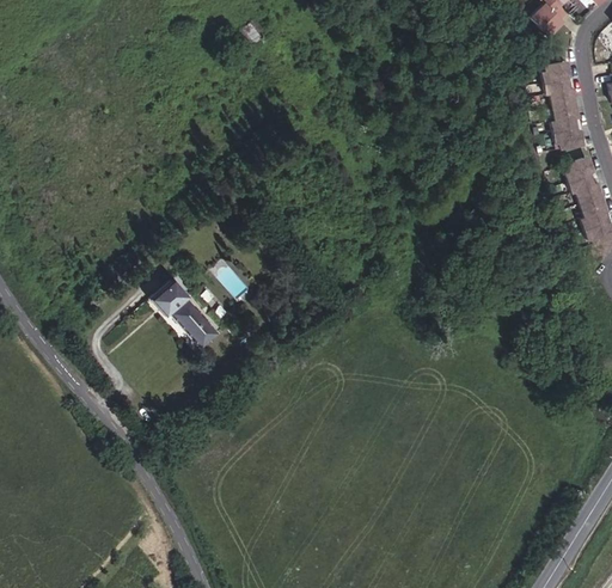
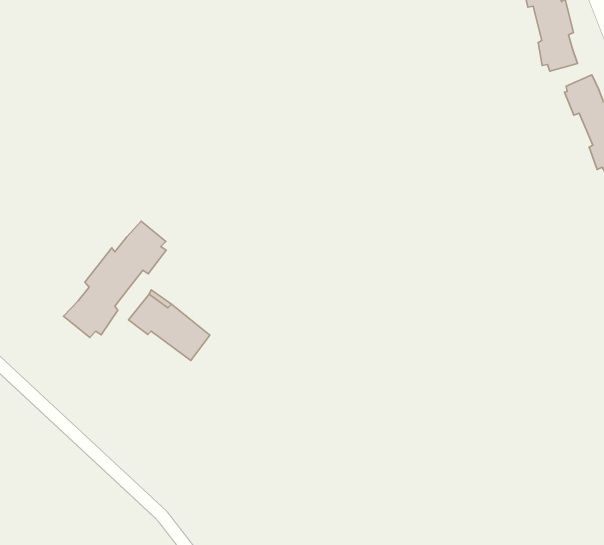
building: none -> [64,221,166,338]

